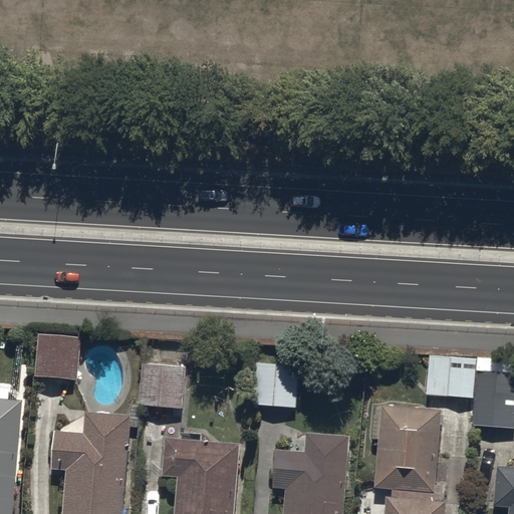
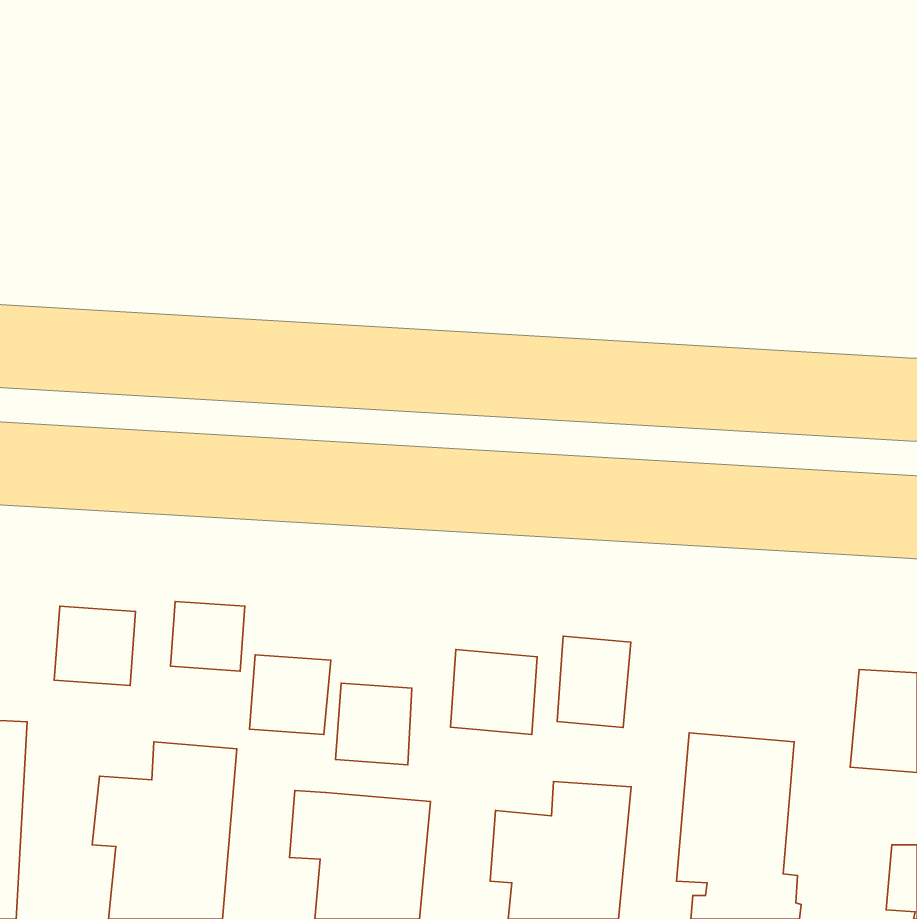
building: none -> [171,601,245,671]
building: none -> [557,636,631,727]
building: [425,357,474,398] -> none
building: none -> [336,683,412,765]

